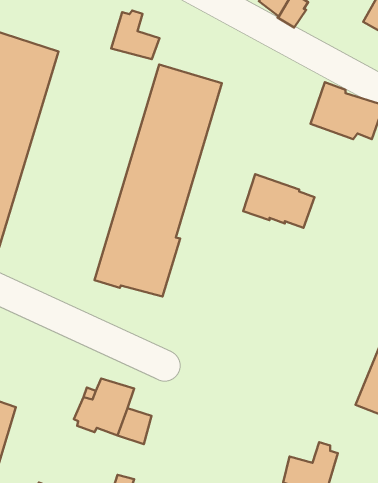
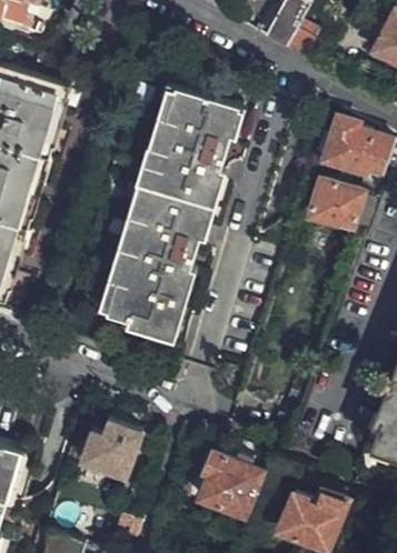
building: [111,11,159,59] -> none
building: [243,174,314,228] -> [302,175,375,230]
building: none -> [195,451,261,515]

